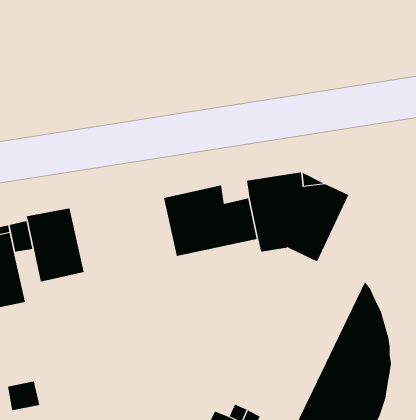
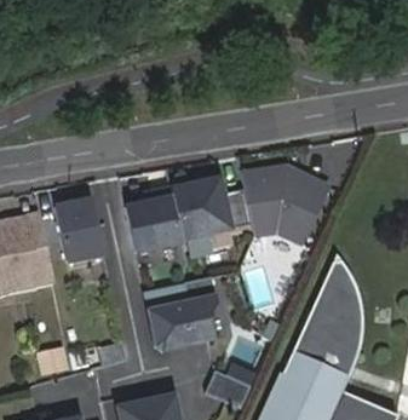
building: none -> [125,186,182,253]
building: none -> [146,277,217,350]

